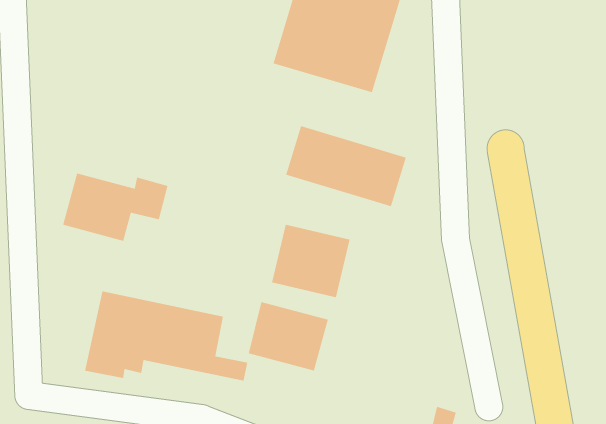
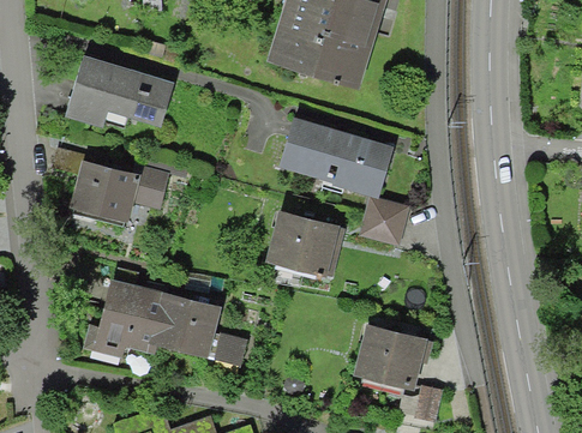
building: none -> [65,55,174,130]
building: none -> [356,198,408,248]
building: [248,301,329,372] -> [353,323,428,389]

